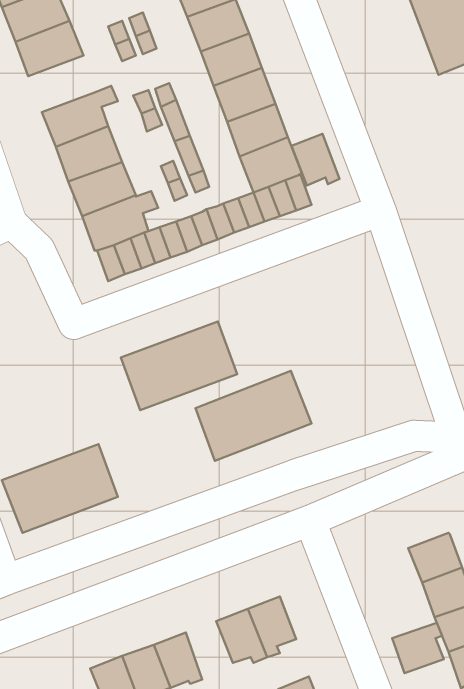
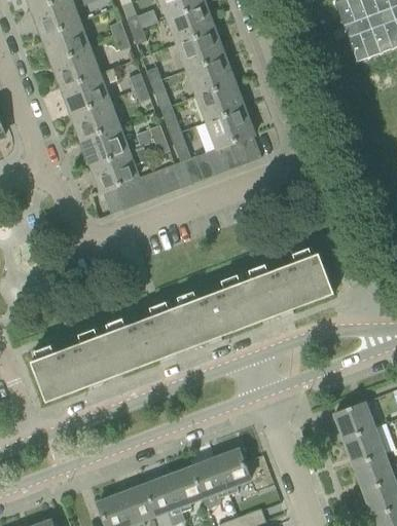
building: none -> [50,46,102,88]
building: [291,134,340,185] -> none
building: [121,322,237,410] -> [103,308,189,374]
building: none -> [246,254,332,320]
building: none -> [168,466,203,510]
building: [392,623,444,673] -> none

